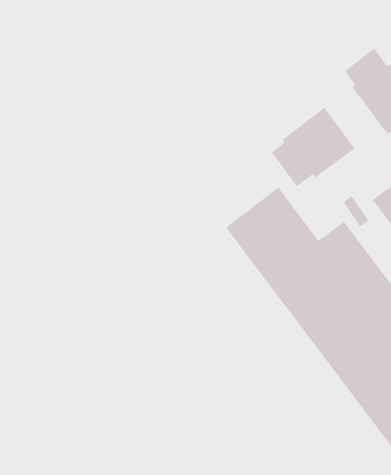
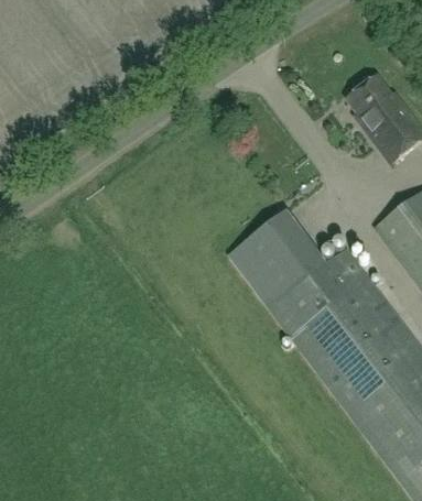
building: [271,107,355,187] -> none

